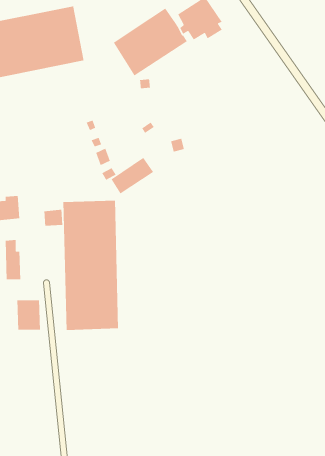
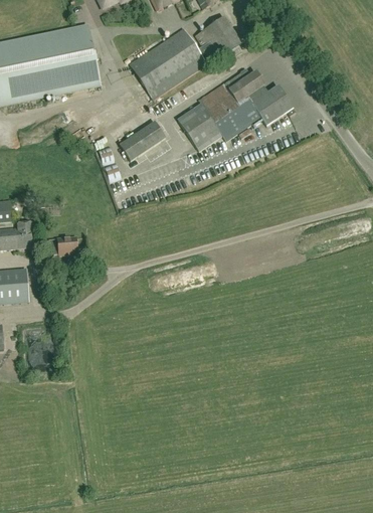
building: none -> [177,67,295,150]
building: [111,157,154,195] -> [120,120,165,159]
building: [63,200,119,331] -> none

